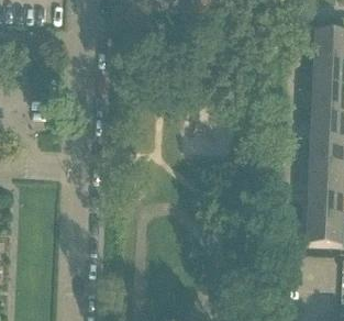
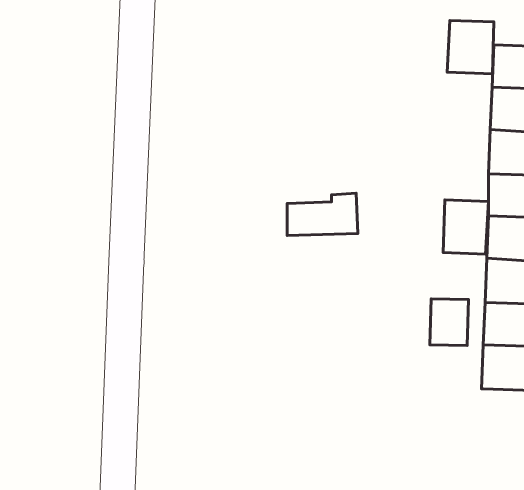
building: none -> [447,21,494,74]
building: none -> [443,200,489,254]
building: none -> [430,299,469,346]

